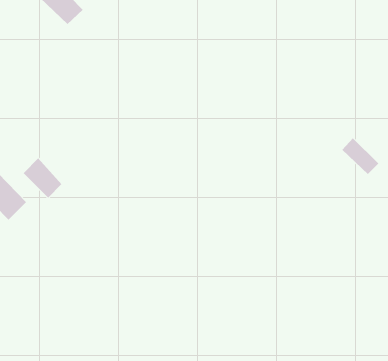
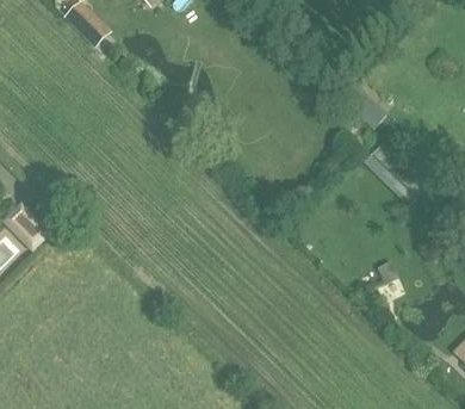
building: [23,158,62,199] -> none

